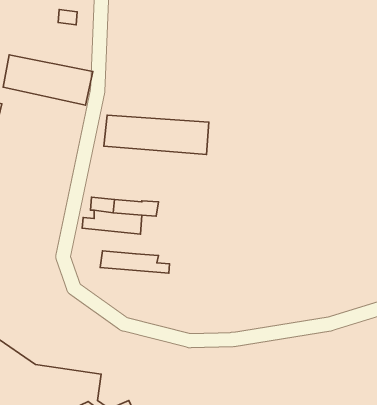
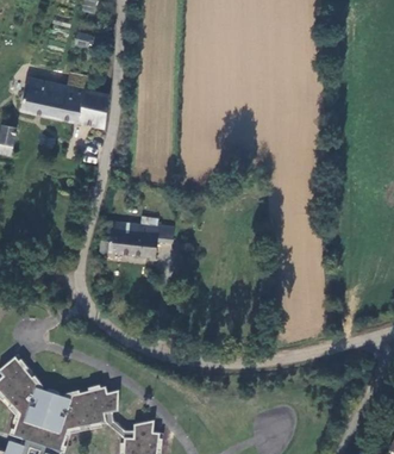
building: [104,115,209,155] -> none
building: [100,251,170,273] -> none

